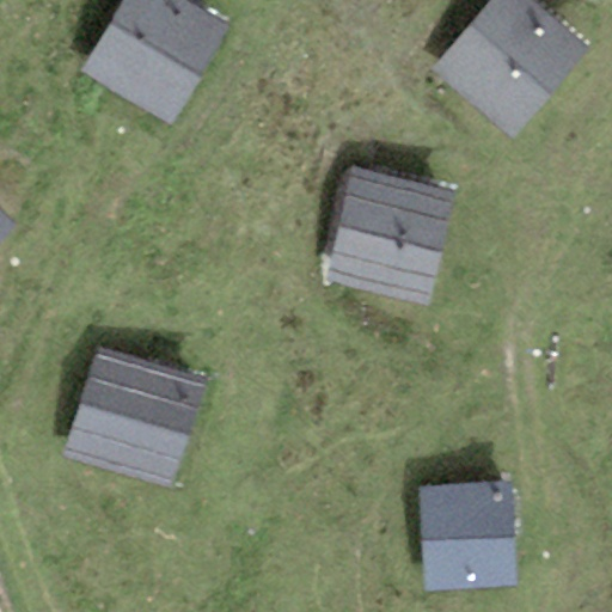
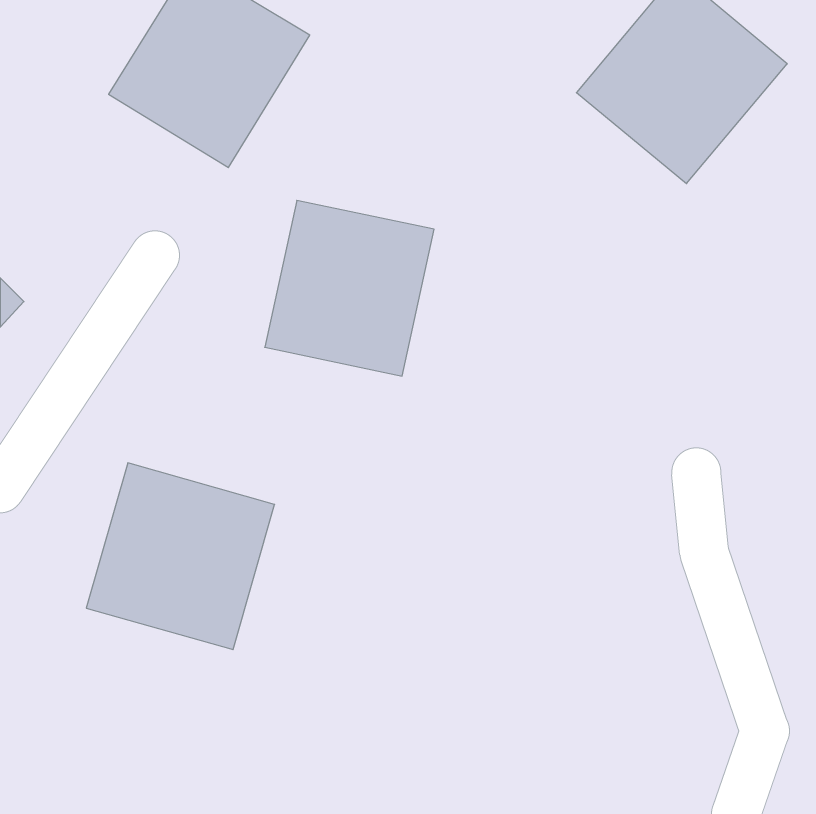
building: [325,170,452,301] -> [265,200,434,376]
building: [418,481,518,589] -> none

